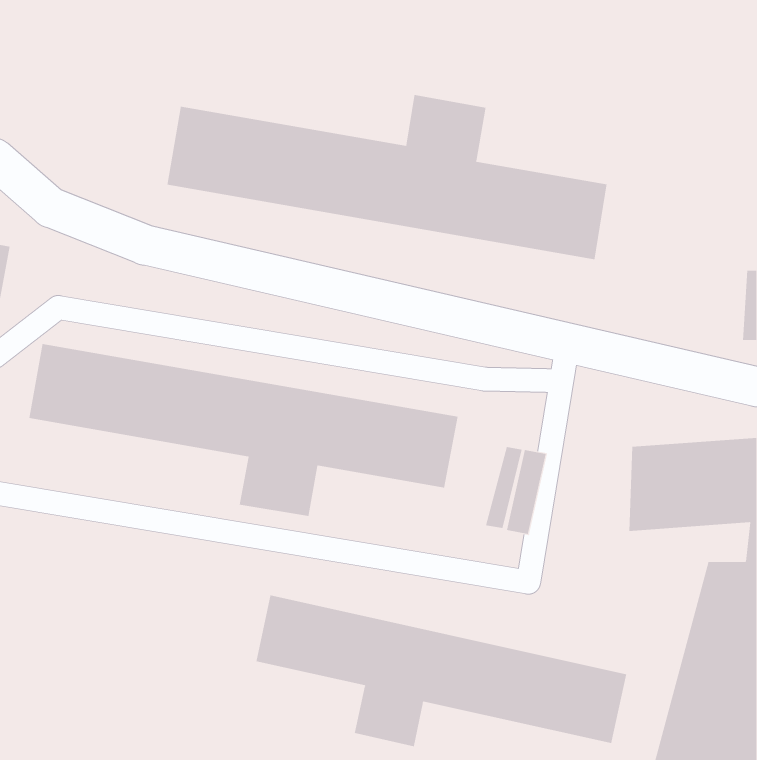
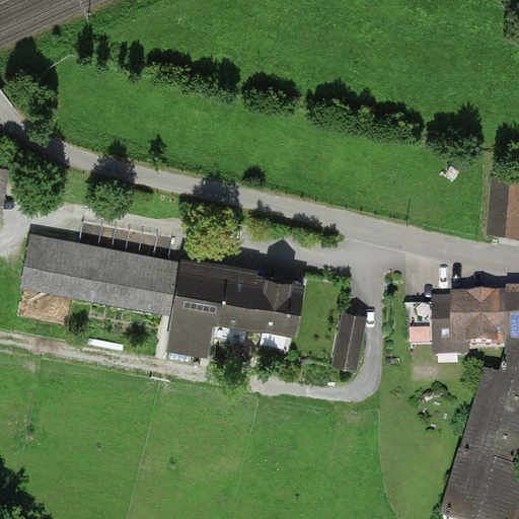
building: [167,94,607,260] -> none
building: [256,594,627,747] -> none

